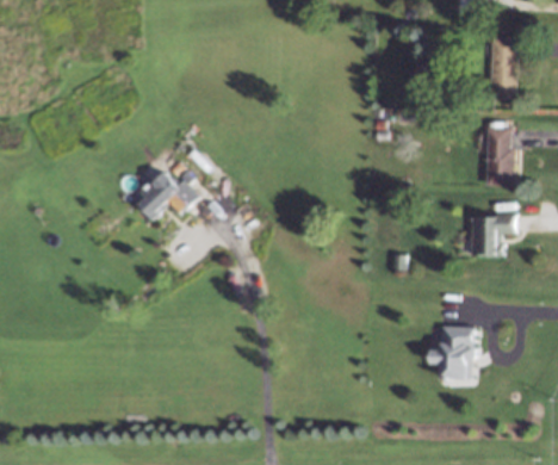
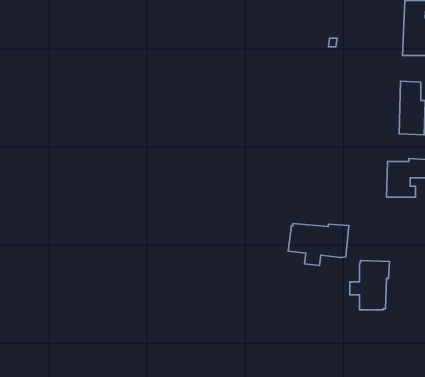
building: [134,169,199,218] -> none
building: none -> [288,223,349,266]

